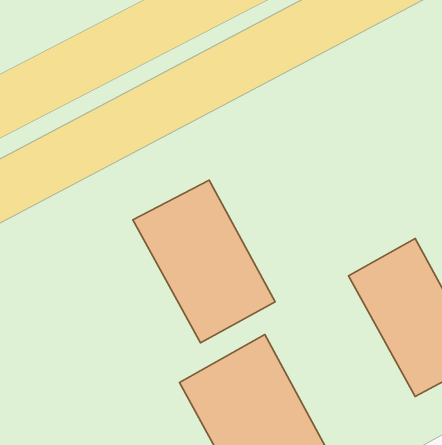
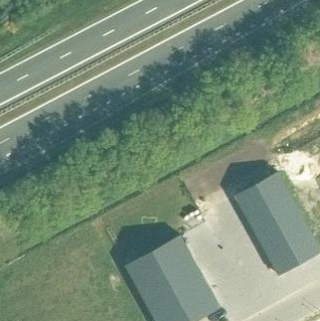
building: [133,180,275,343] -> none

